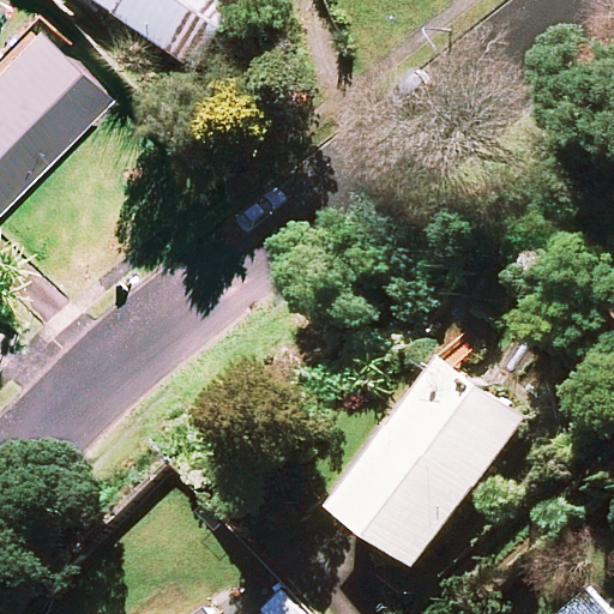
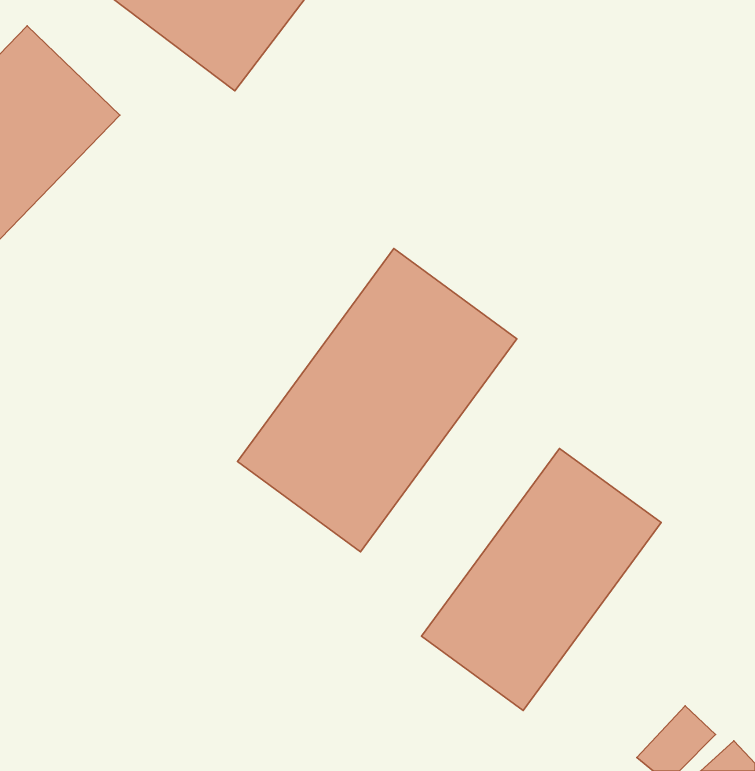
building: none -> [238,249,517,552]

